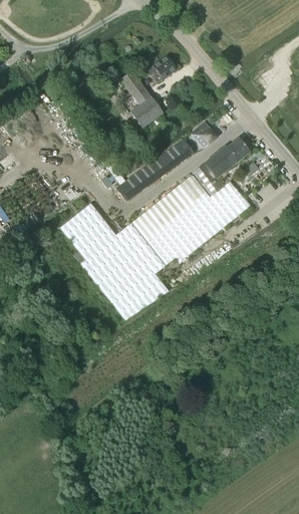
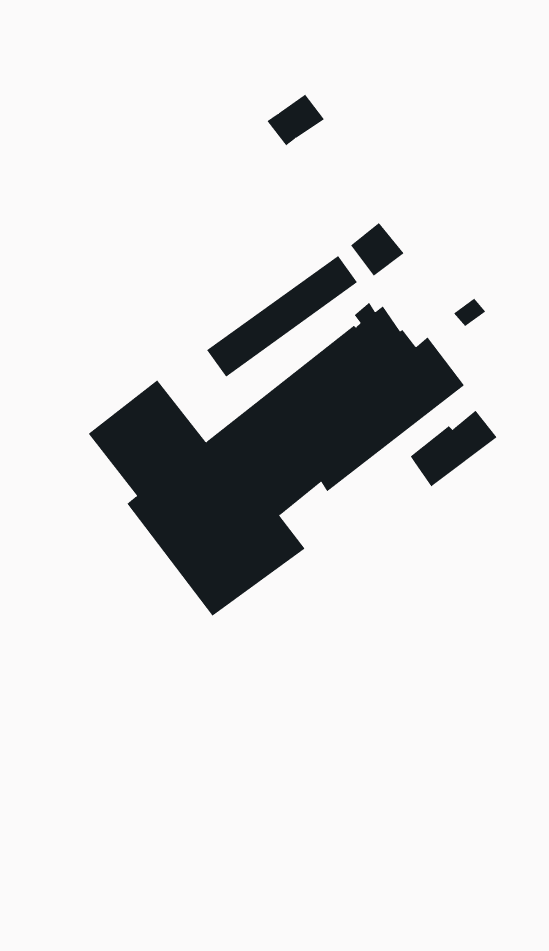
building: [120,69,165,127] -> none
building: [206,137,251,177] -> [410,410,497,488]

